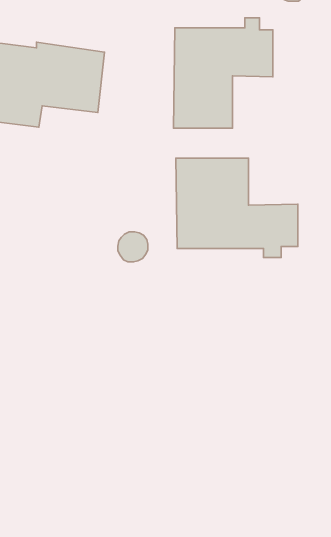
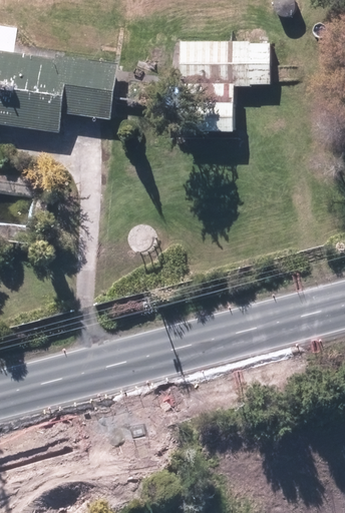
building: [176,158,298,258] -> none

